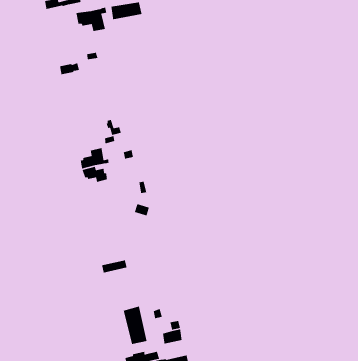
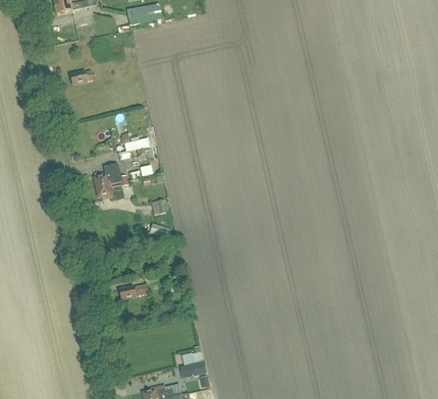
building: [75,7,107,32] -> none
building: [123,305,148,345] -> none

